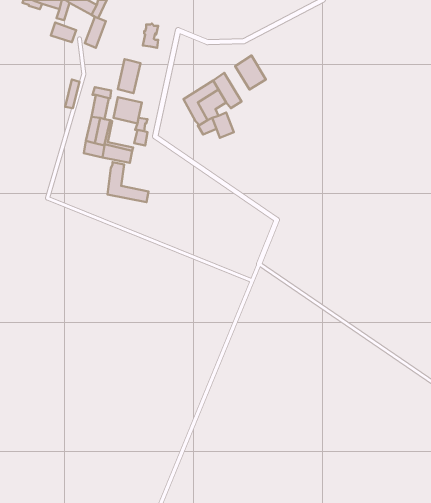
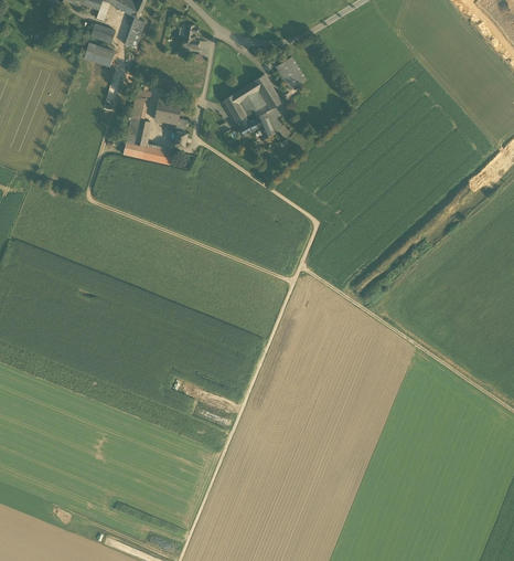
building: none -> [84,43,115,67]
building: [118,59,140,93] -> none
building: [107,162,148,202] -> none

